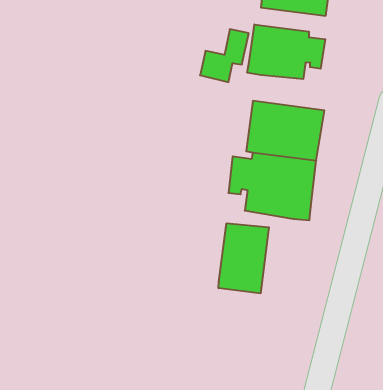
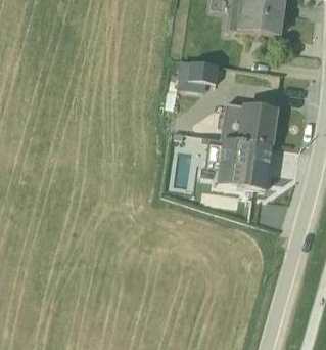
building: [247,24,325,79] -> none
building: [219,223,269,293] -> none

